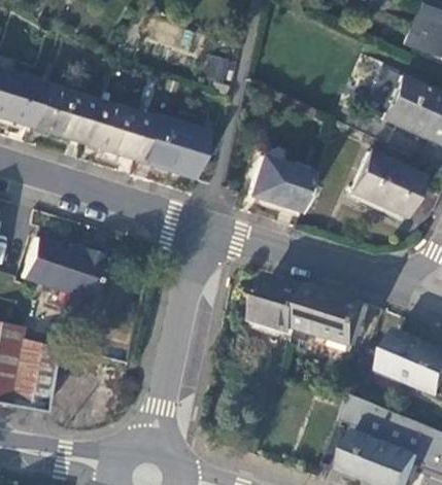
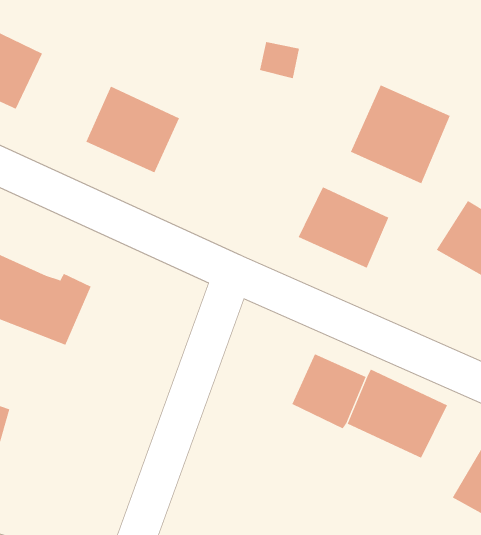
building: none -> [350,85,451,184]
building: [32,84,99,145] -> none
building: [139,114,211,180] -> none

